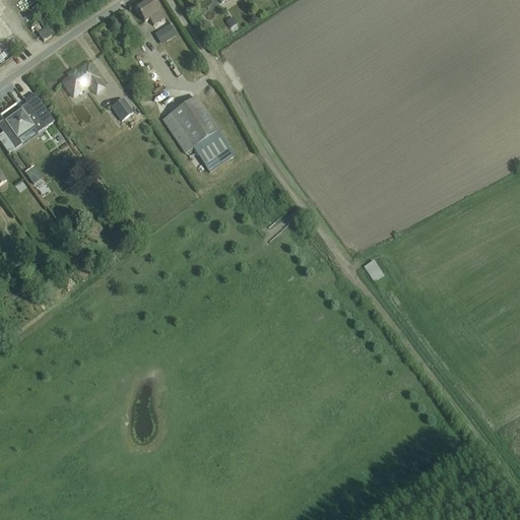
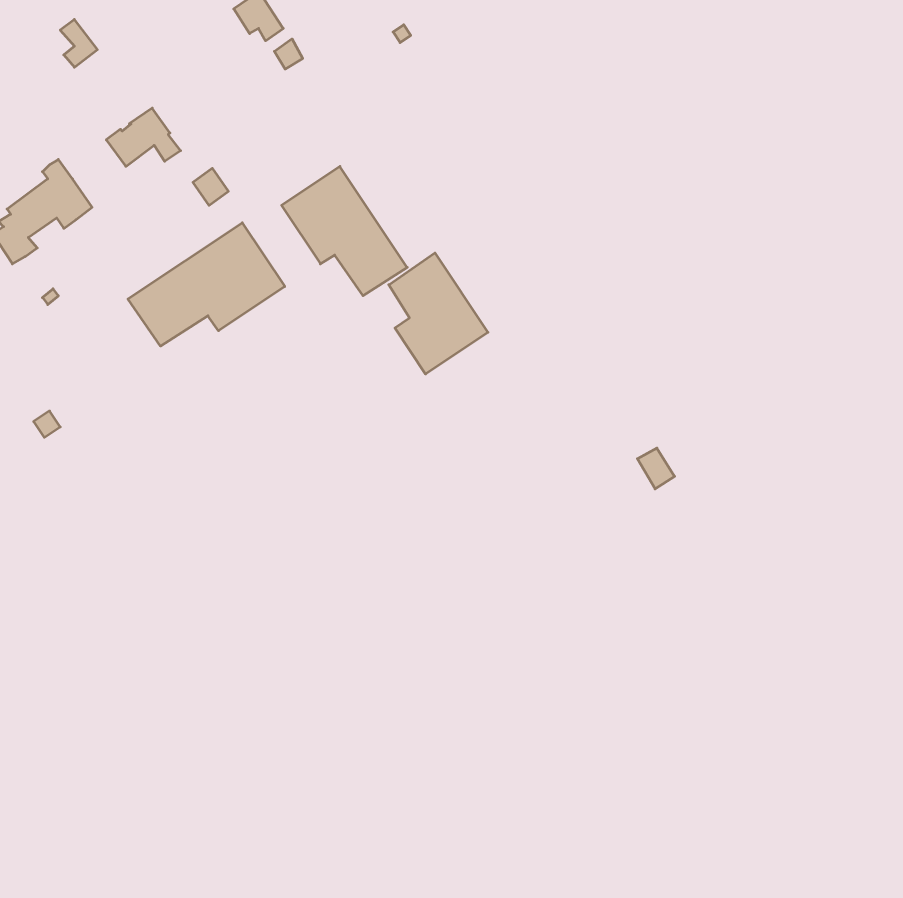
building: none -> [128,223,285,346]
building: none -> [389,253,488,374]

